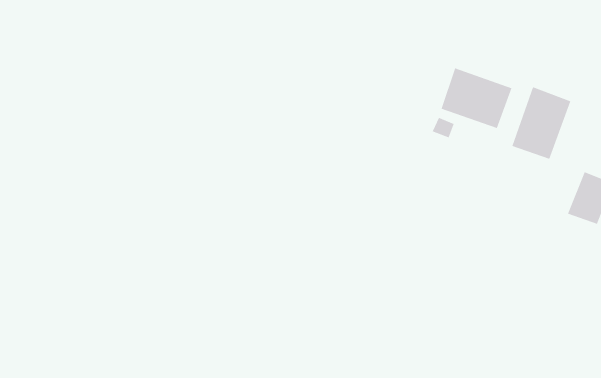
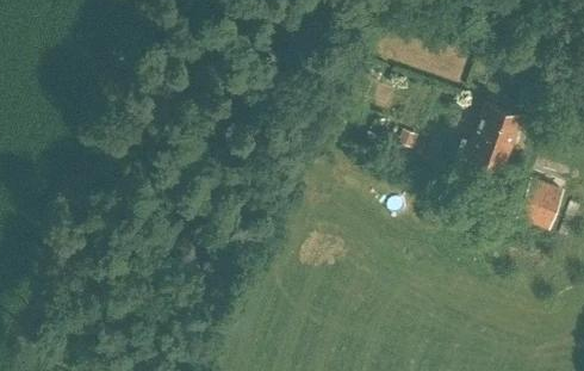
building: [441,67,512,129] -> none

